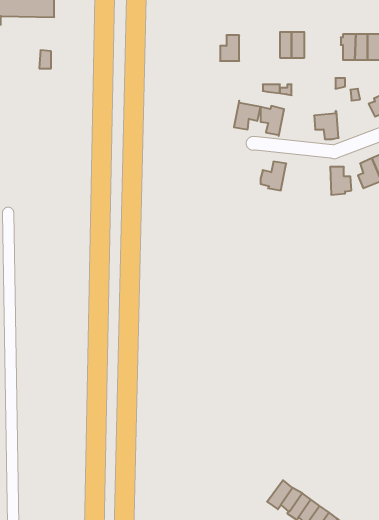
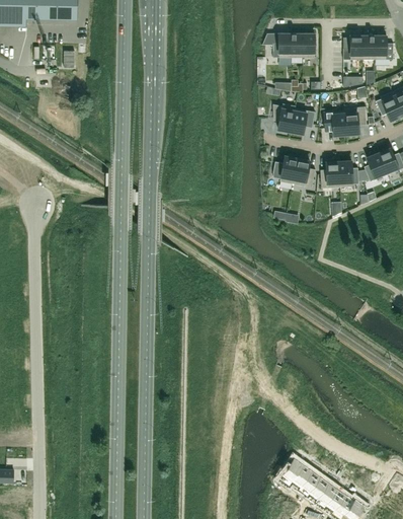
building: [220,35,239,61] -> [273,32,292,57]
building: [234,101,261,129] -> [291,105,316,133]
building: none -> [345,105,367,133]
building: none -> [293,157,315,187]
building: none -> [321,160,340,188]

